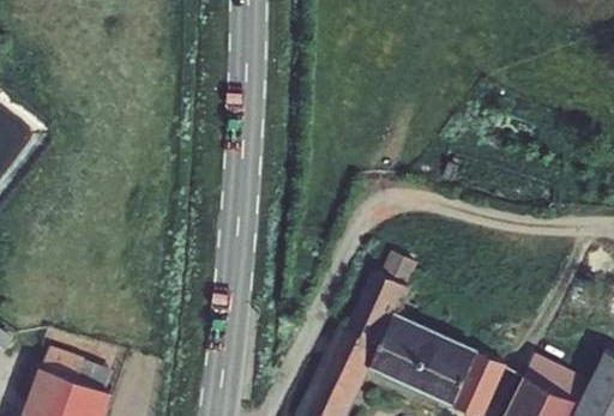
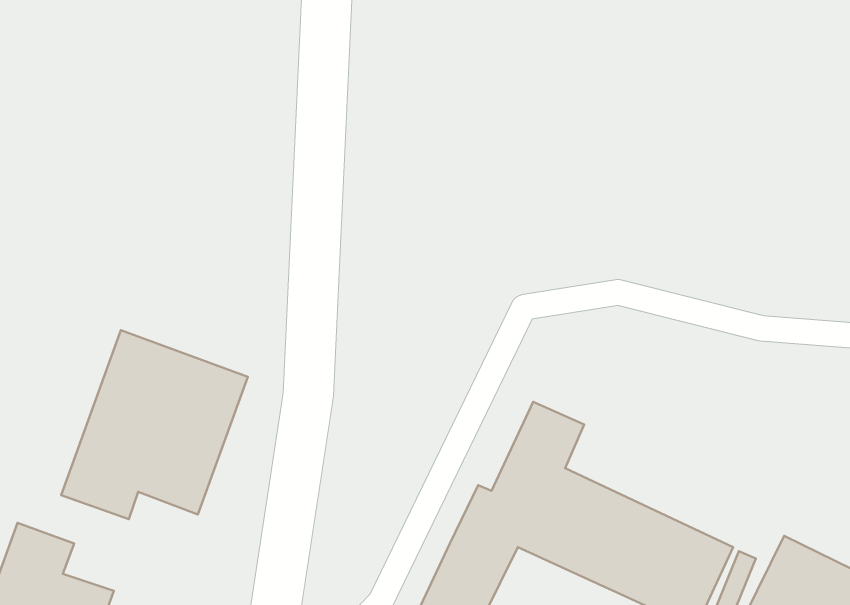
building: none -> [61,330,248,519]

